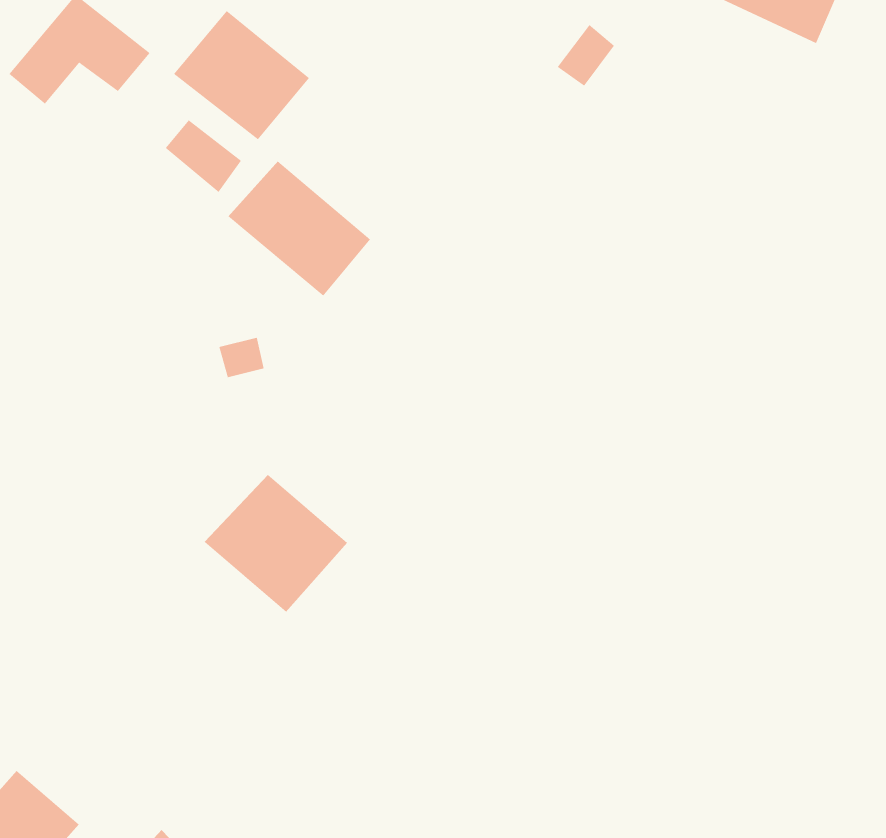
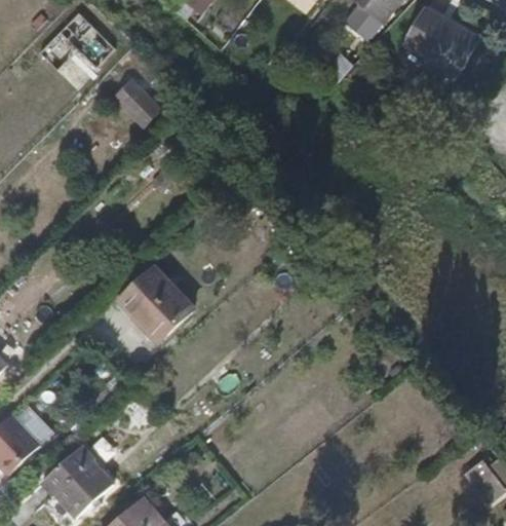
building: [173,10,310,140] -> none
building: [227,160,371,297] -> none

